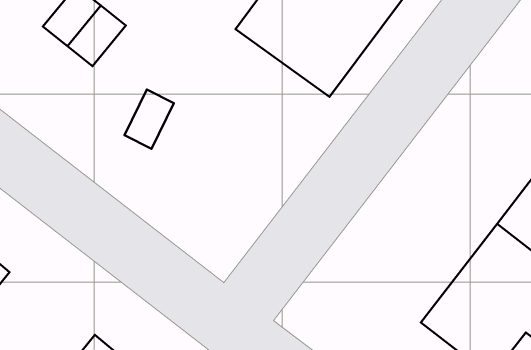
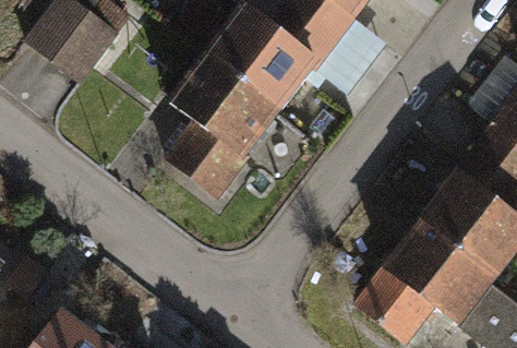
building: none -> [189,35,309,180]

